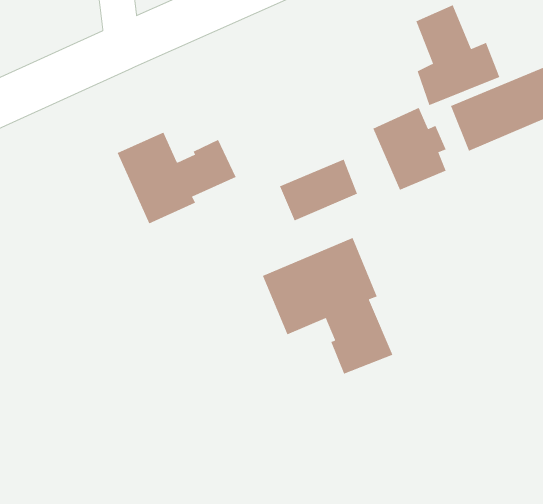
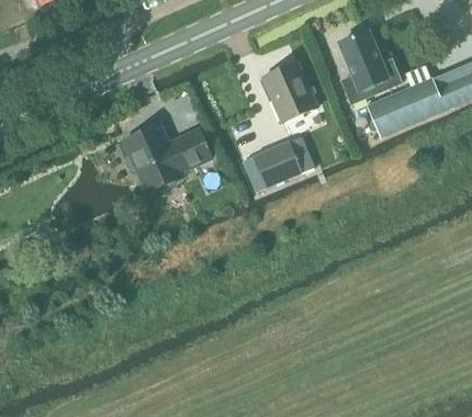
building: [372,107,447,191] -> [262,60,316,121]
building: [262,237,393,375] -> none

